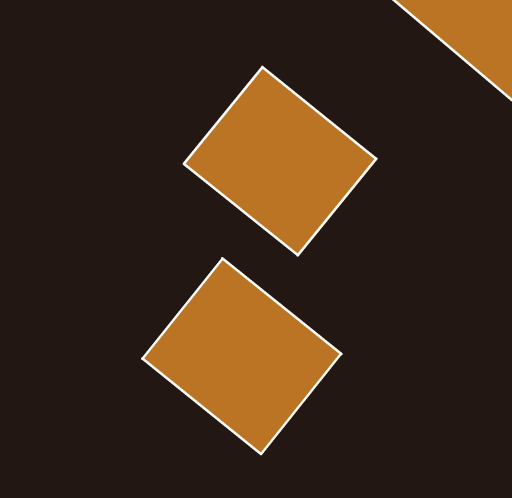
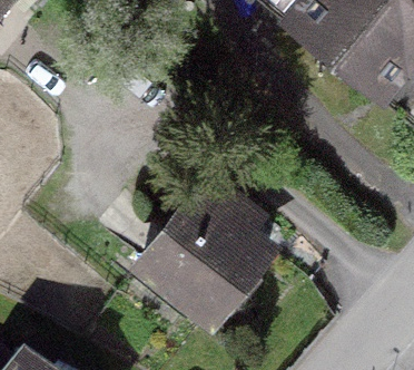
building: [184,67,376,255] -> none

